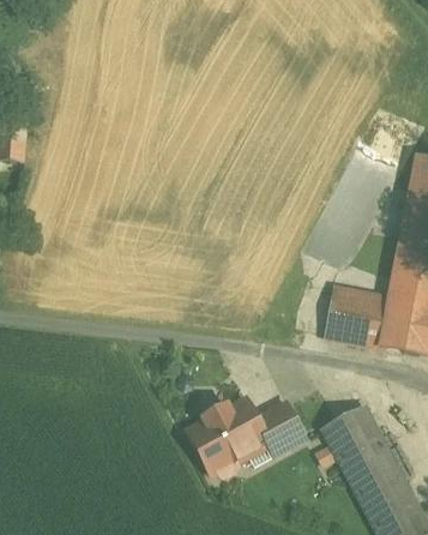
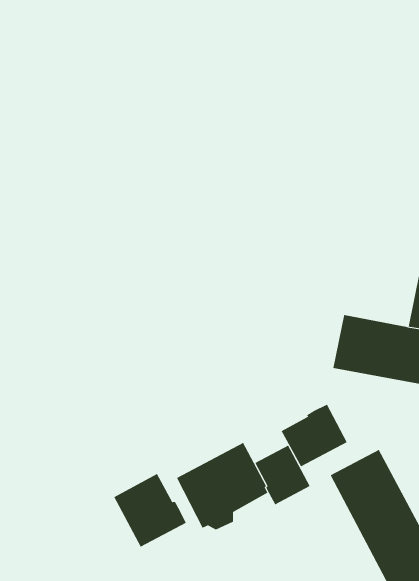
building: none -> [281,404,348,467]
building: none -> [114,473,187,547]

